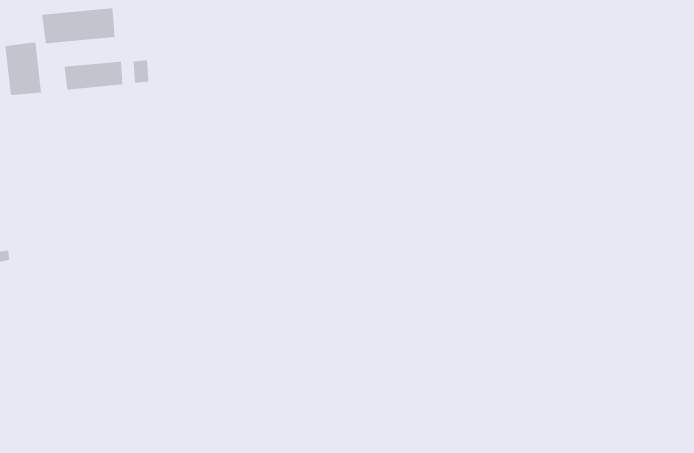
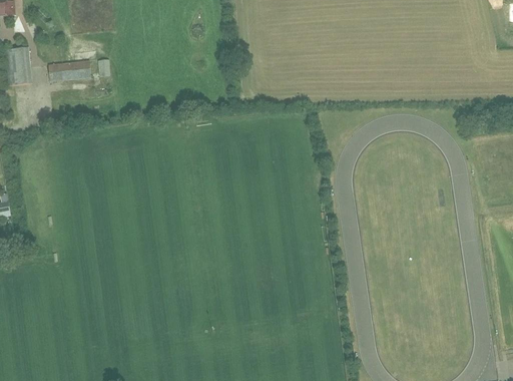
building: [42,7,115,44] -> none

